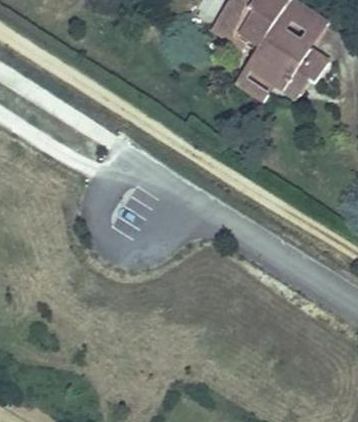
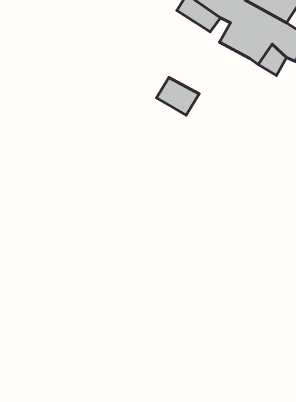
building: [235,57,277,95] -> [157,78,199,115]

